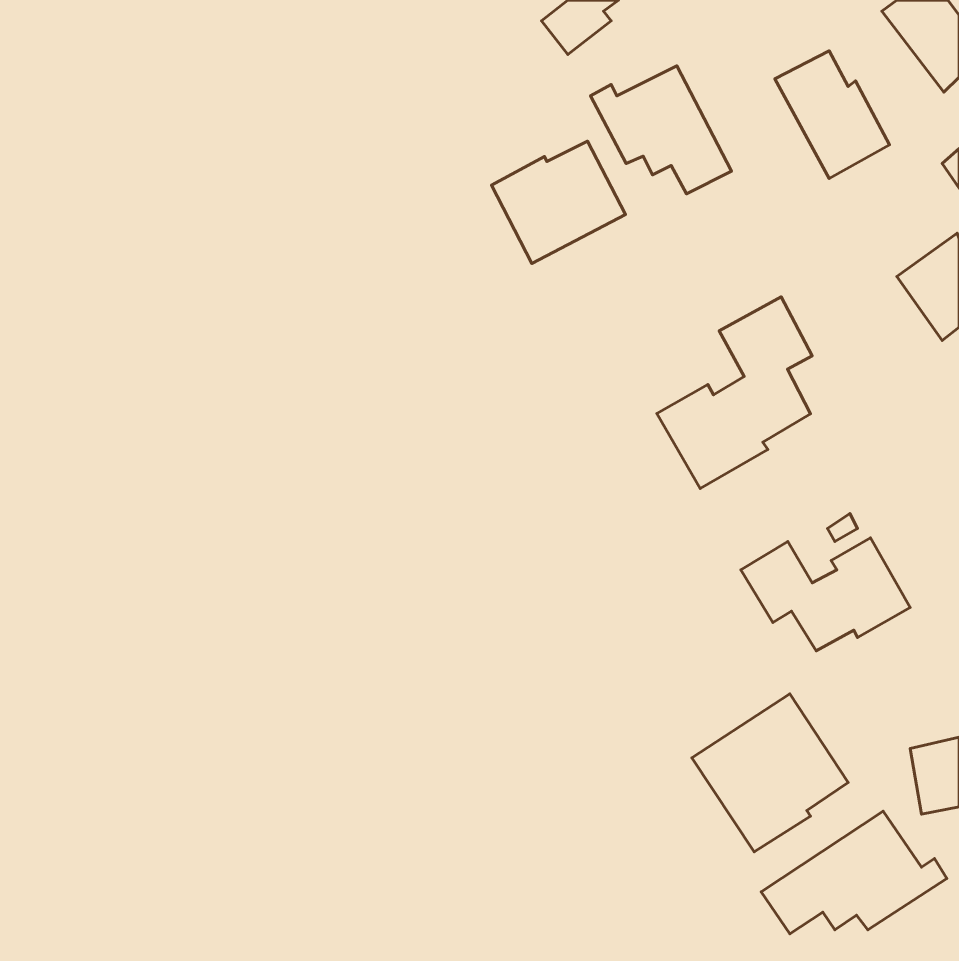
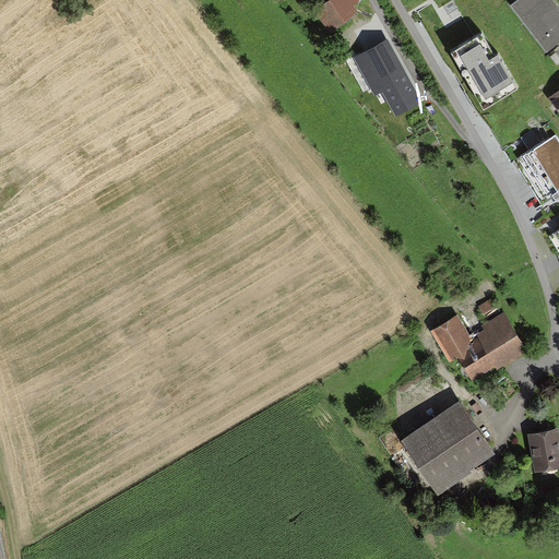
building: [491,141,625,263] -> none
building: [657,297,812,488] -> none
building: [761,811,947,934] -> none

